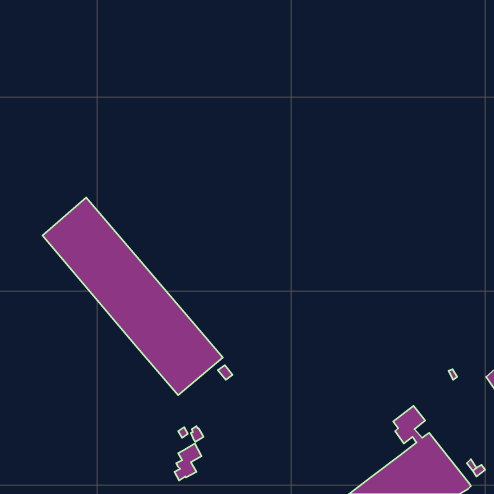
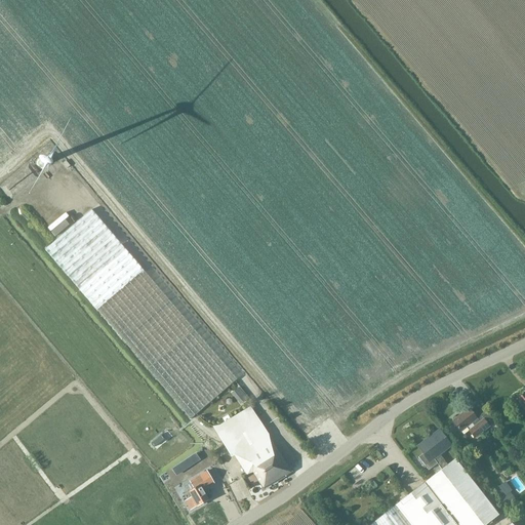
building: none -> [214,405,291,489]
building: none -> [452,406,494,438]

